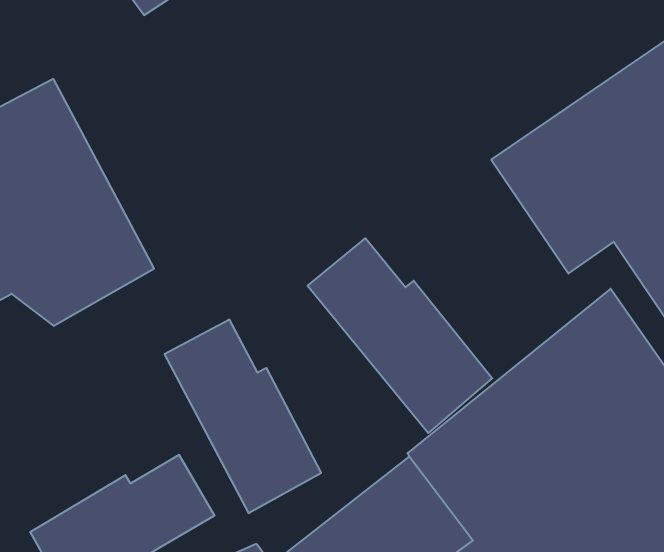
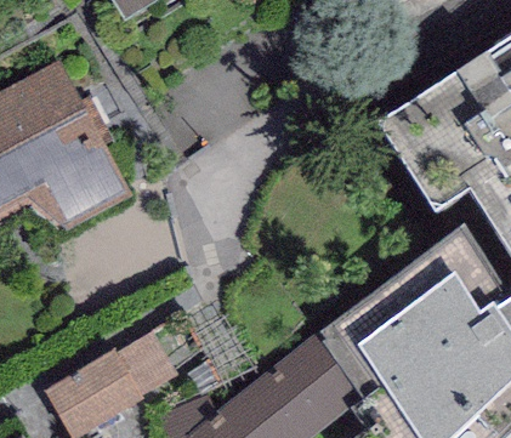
building: [308,238,492,433] -> none
building: [165,319,321,513] -> none

